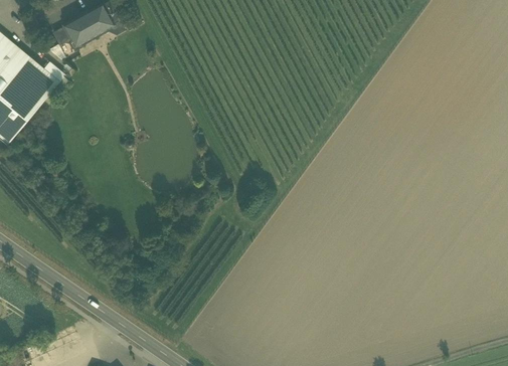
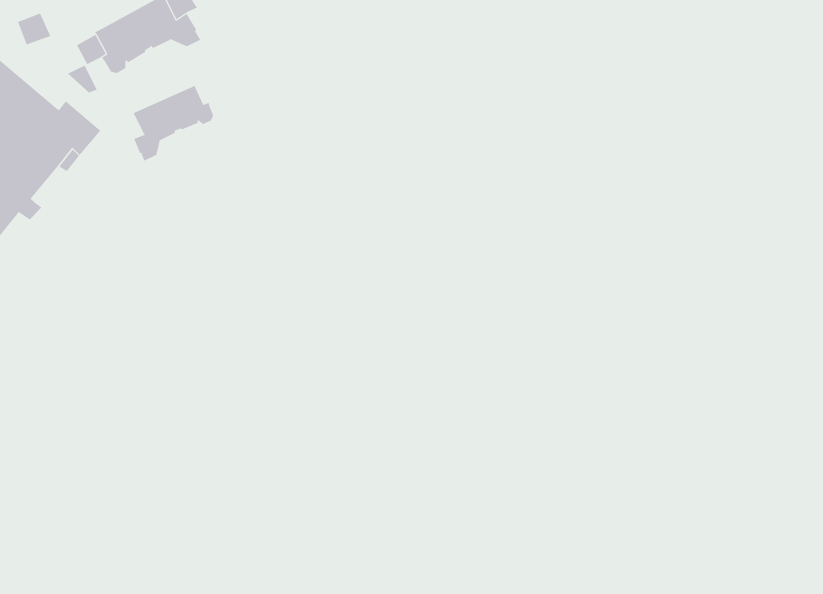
building: none -> [133,85,214,162]

